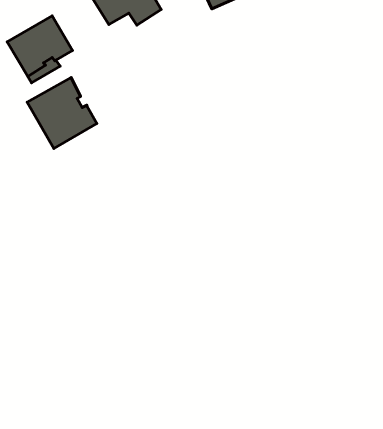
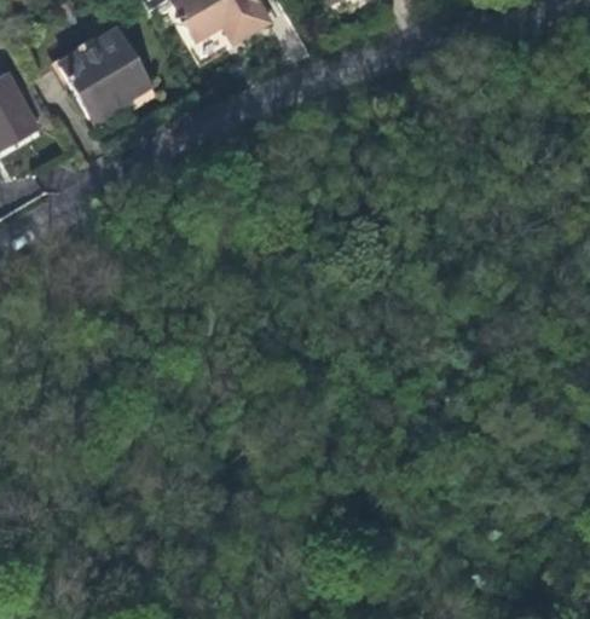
building: [27,78,97,148] -> none

